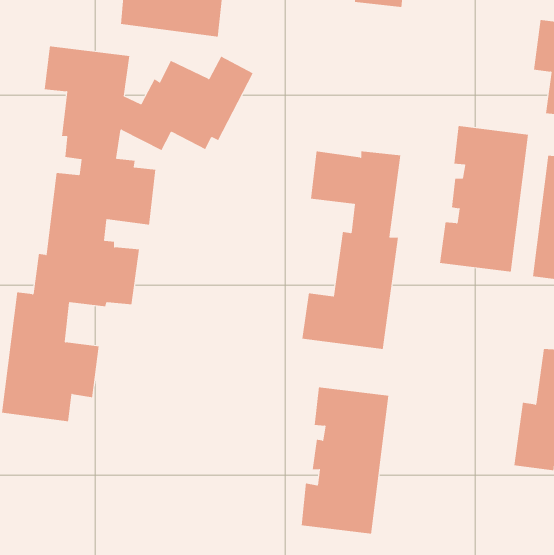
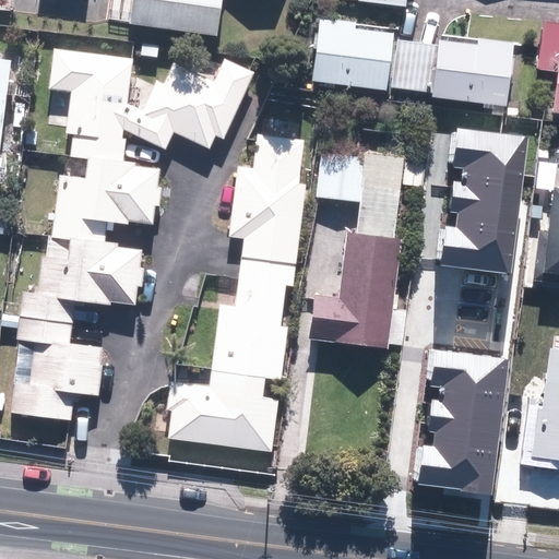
building: none -> [311,17,394,92]
building: none -> [392,33,514,108]
building: none -> [163,132,308,452]
building: [301,387,389,534] -> [424,346,512,493]

